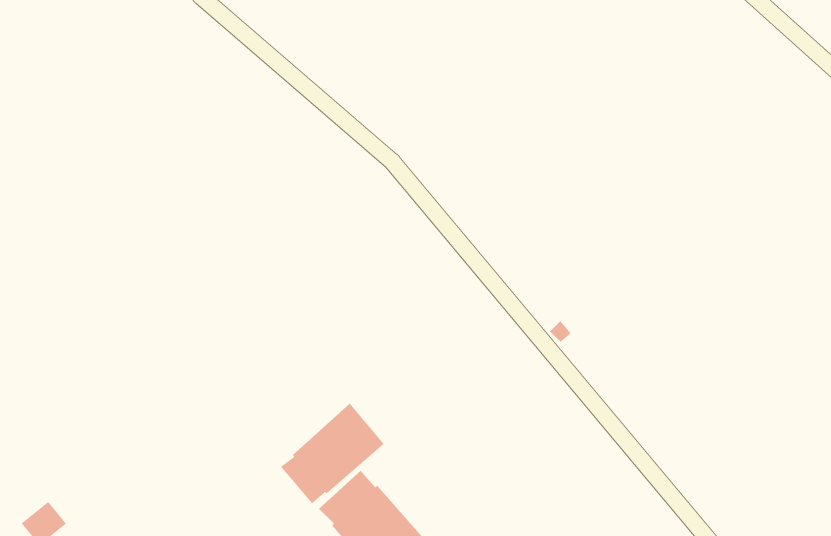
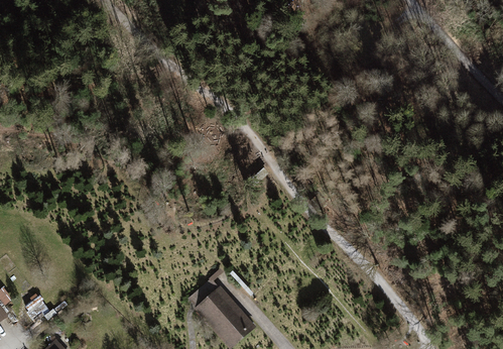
building: [280,403,384,504] -> none

